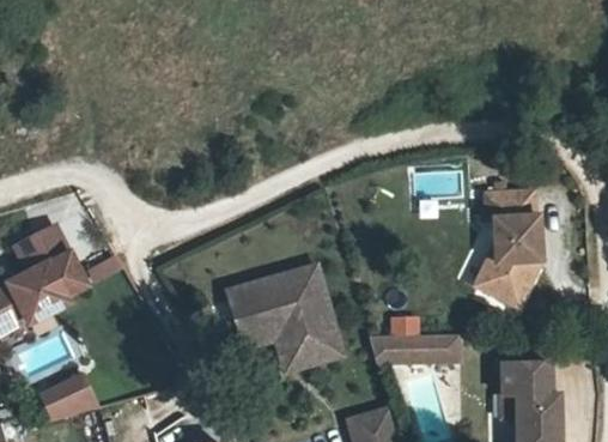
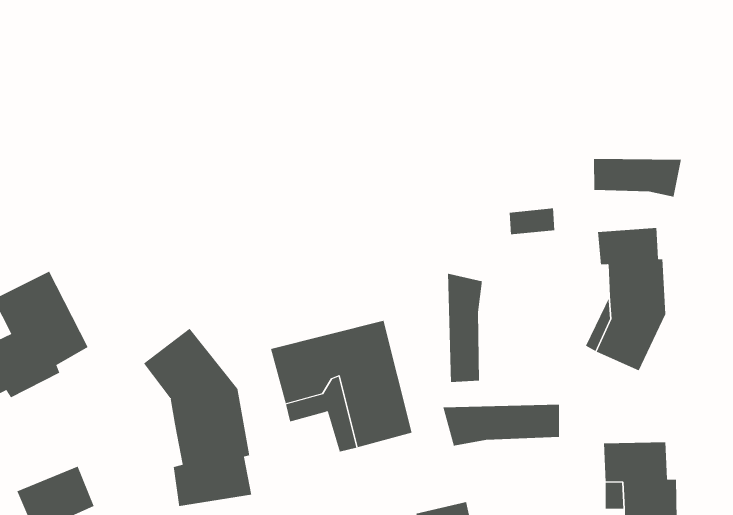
building: none -> [593,158,682,198]
building: none -> [448,273,482,383]
building: none -> [143,328,252,507]

